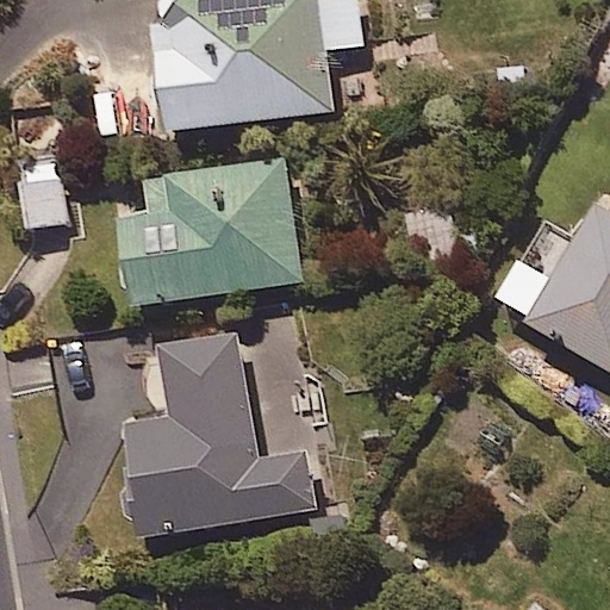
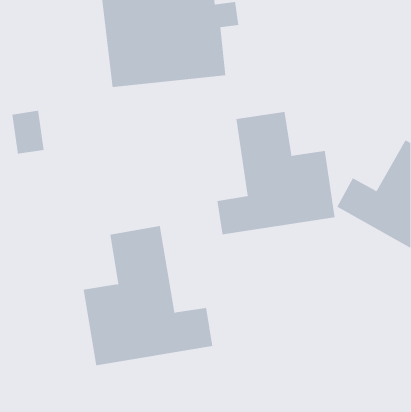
building: [119,156,301,305] -> none
building: none -> [217,111,335,235]

